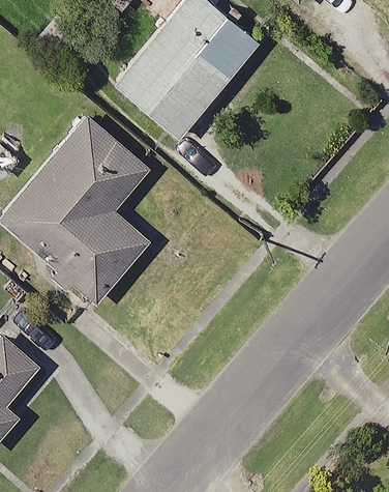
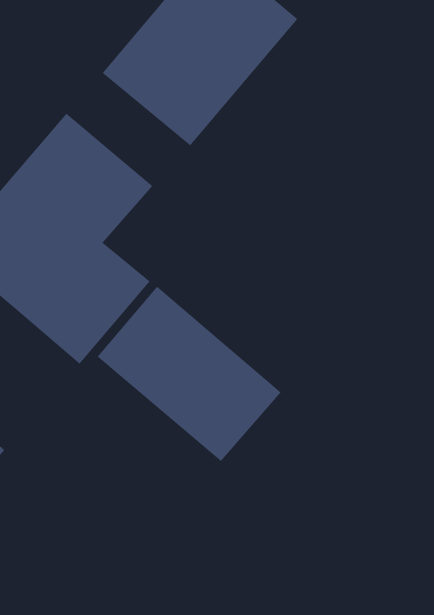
building: none -> [97,286,281,462]

